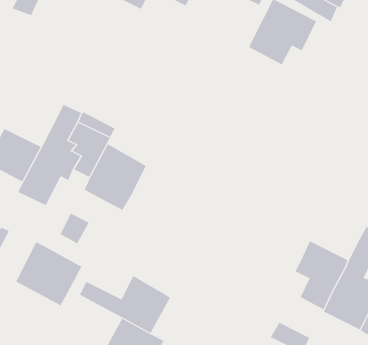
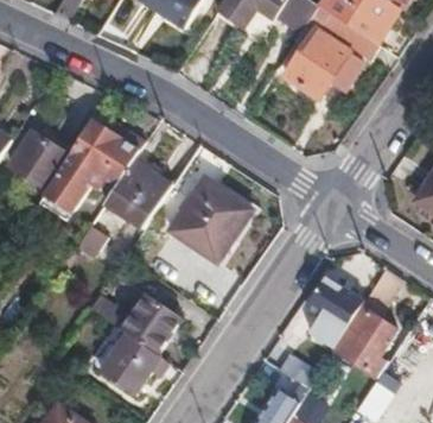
building: none -> [170,181,250,261]
building: [15,241,82,306] -> none

